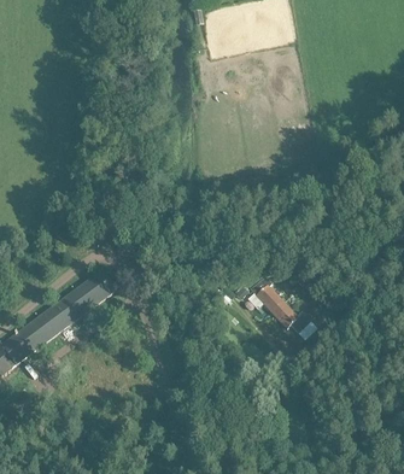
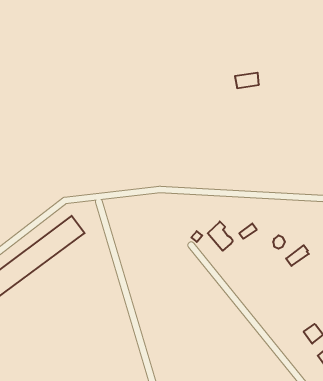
building: [269,298,316,340] -> none

